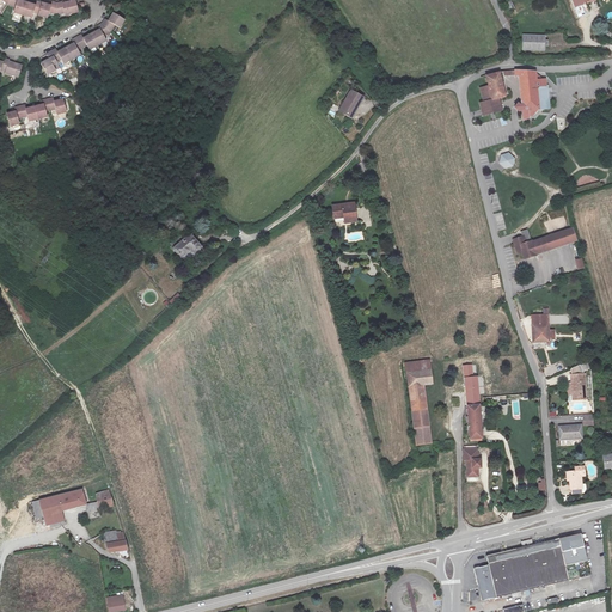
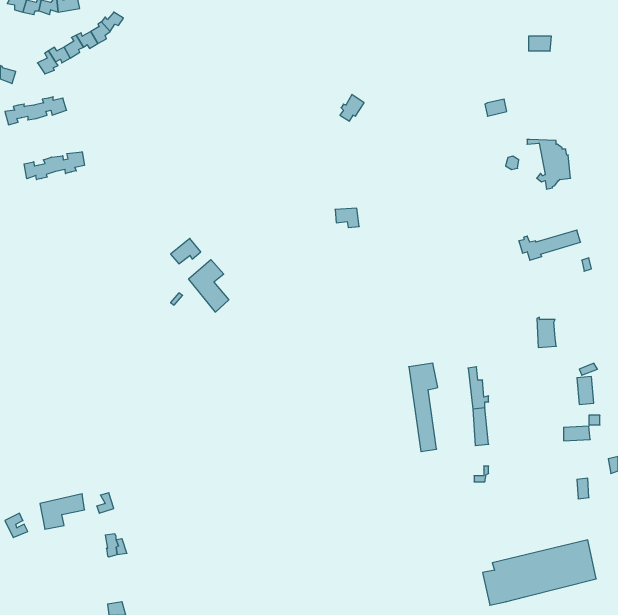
building: [504,69,547,118] -> [527,139,571,189]
building: [478,71,504,102] -> none
building: none -> [24,152,84,180]
building: none -> [189,260,229,312]

